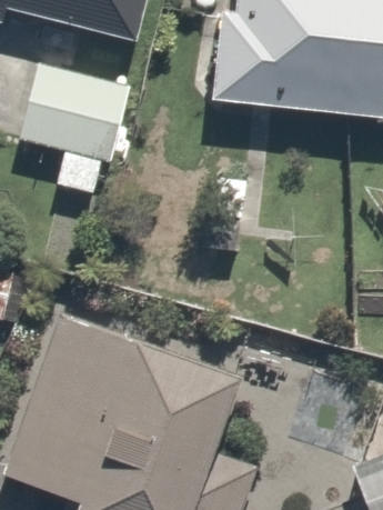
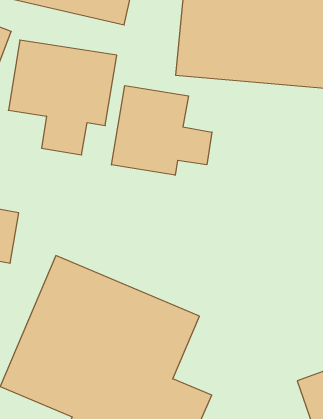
building: none -> [112,86,212,175]

